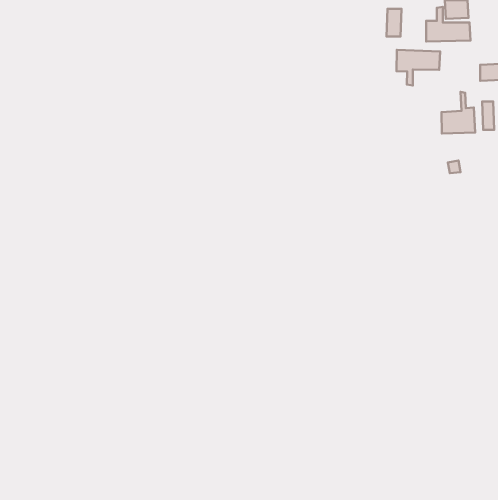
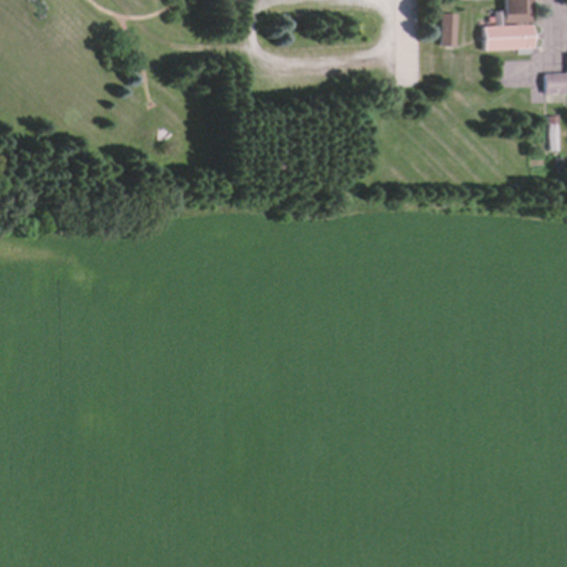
building: [396,50,440,86] -> none
building: [441,92,475,134] -> none

